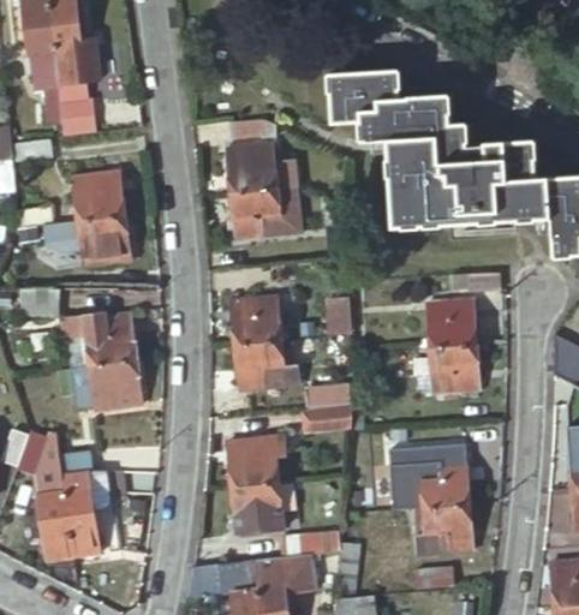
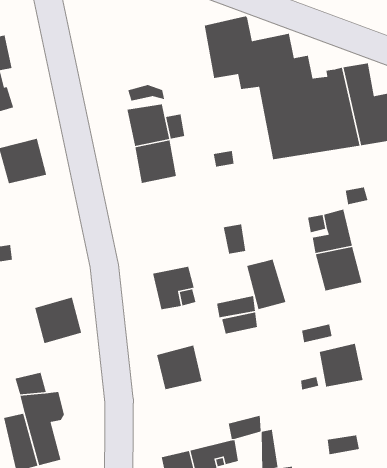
building: [79,216,133,267] -> none
building: [232,298,280,347] -> none
building: [84,311,138,370] -> none
building: none -> [246,258,286,310]
building: [233,482,285,532] -> none
building: [414,504,471,553] -> none

